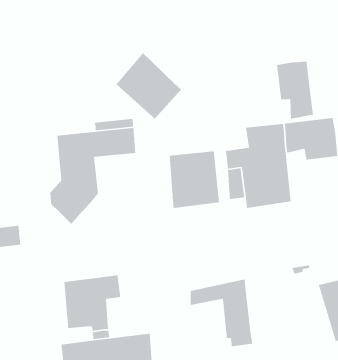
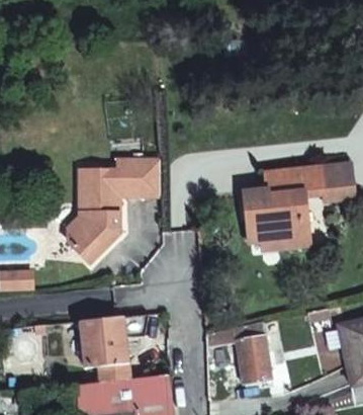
building: [116,52,182,120] -> none
building: [276,61,314,119] -> none
building: [169,150,220,209] -> none

